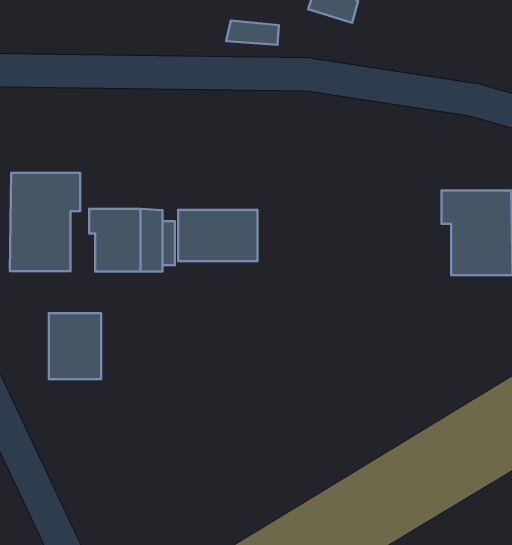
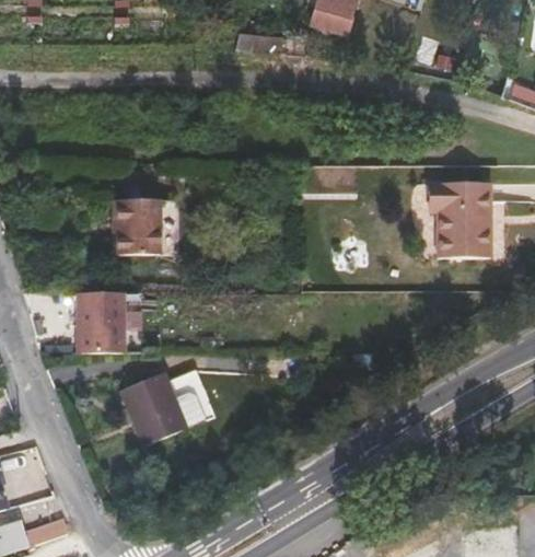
building: [10,173,80,271] -> none
building: [178,210,258,261] -> none
building: none -> [119,370,216,446]

